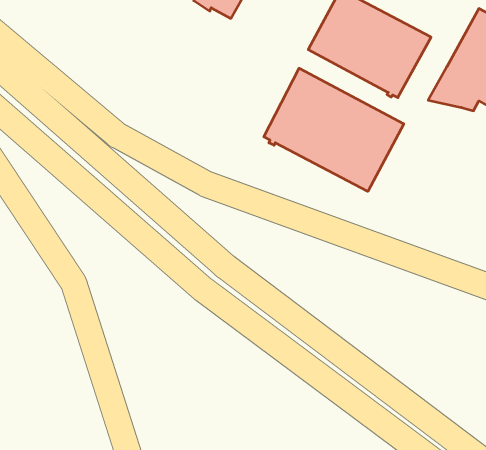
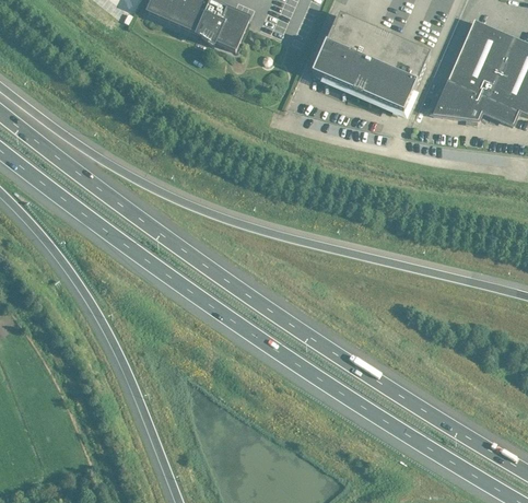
building: [264,68,404,191] -> none

